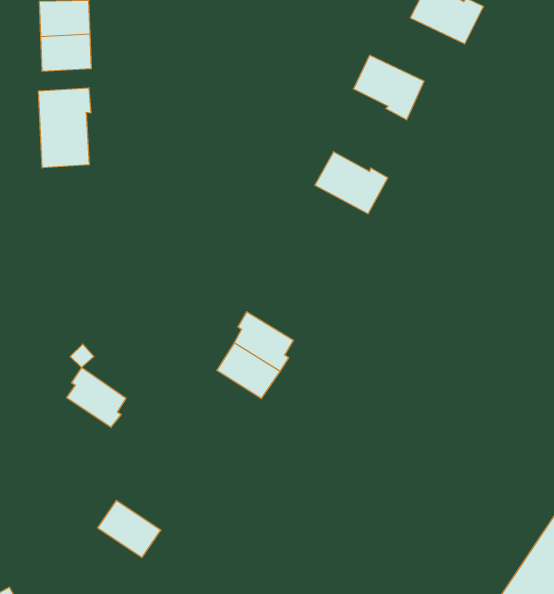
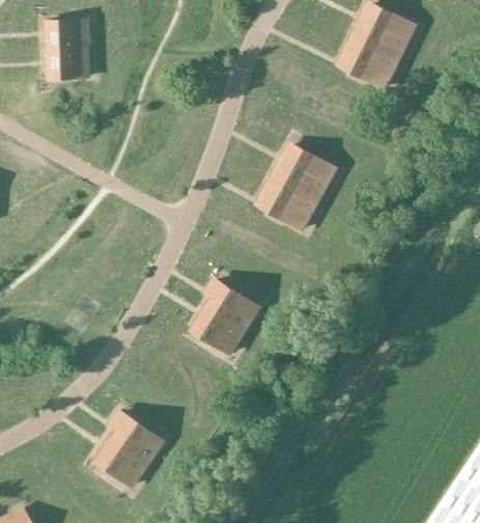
building: [353,55,424,120] -> [341,34,400,88]
building: [38,88,91,168] -> none
building: none -> [260,174,319,229]
building: [67,368,126,427] -> [109,413,159,463]

